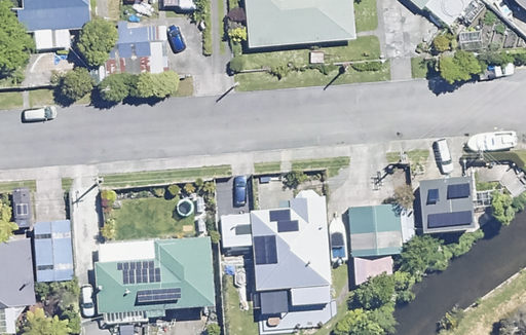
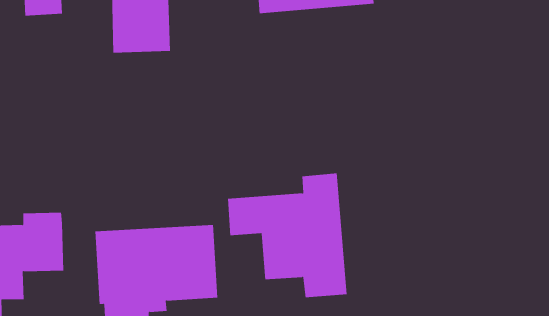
building: [416,174,472,231] -> none
building: [348,203,401,281] -> none

